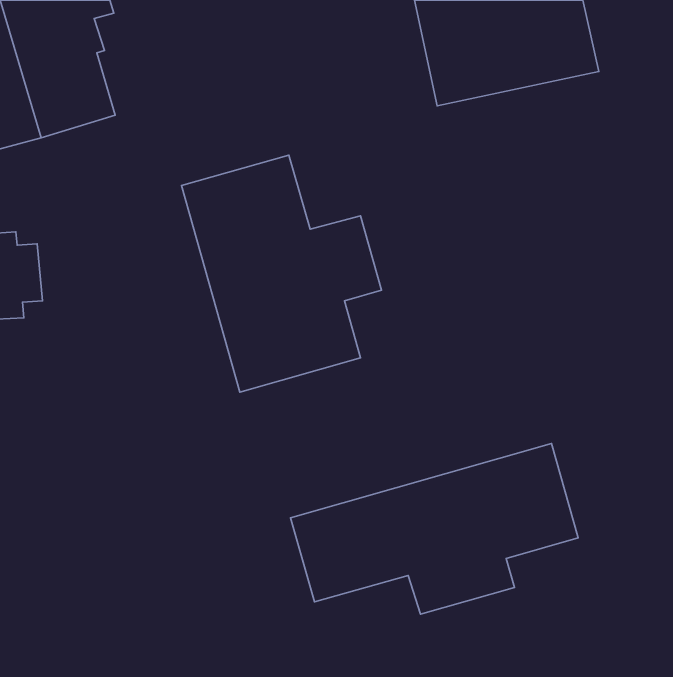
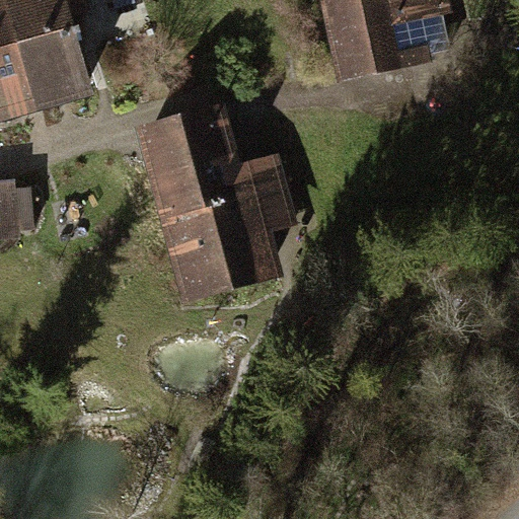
building: [291,443,578,614] -> none

